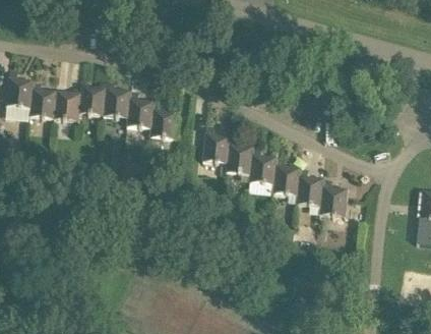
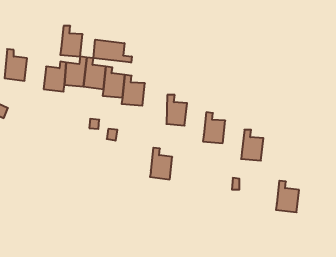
building: none -> [93,40,132,63]
building: [29,79,57,117] -> [60,26,83,57]
building: [226,134,253,173] -> [150,148,172,179]
building: [272,156,300,194] -> none
building: [319,177,348,216] -> [276,181,299,212]

